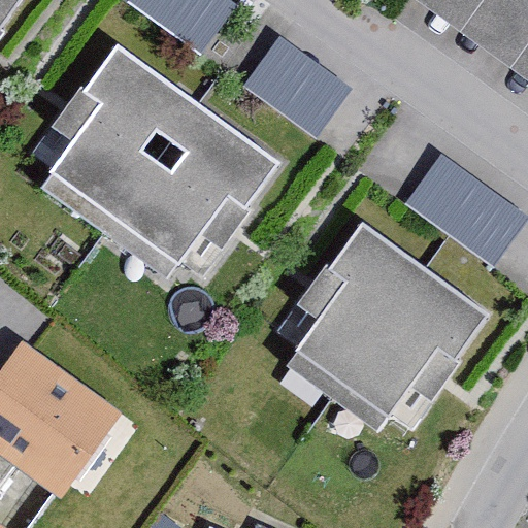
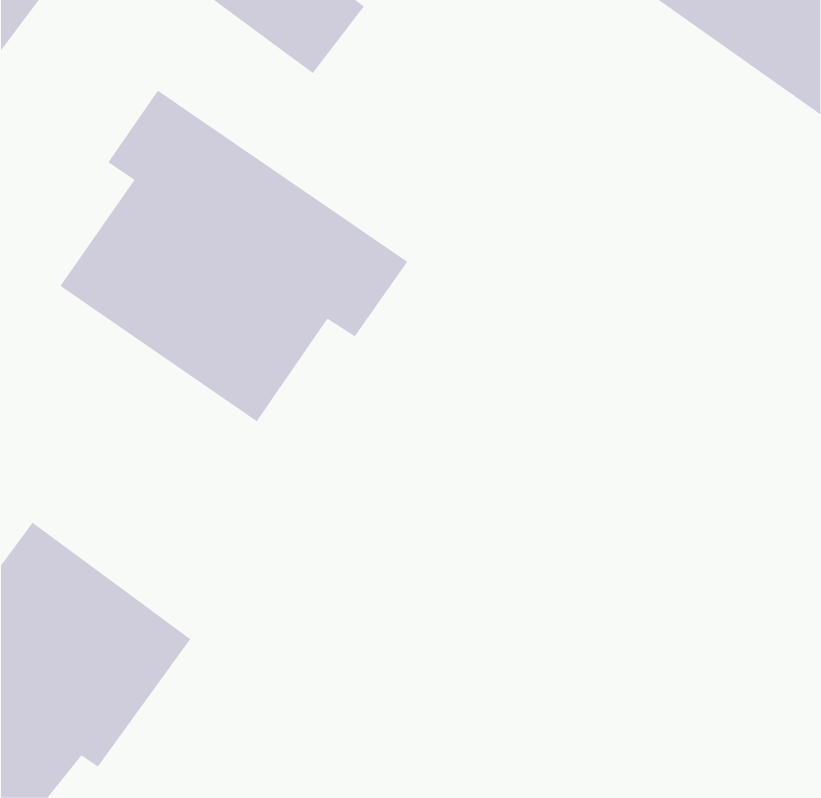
building: [250,38,345,127] -> none
building: [401,154,517,257] -> none
building: [291,236,485,429] -> none

